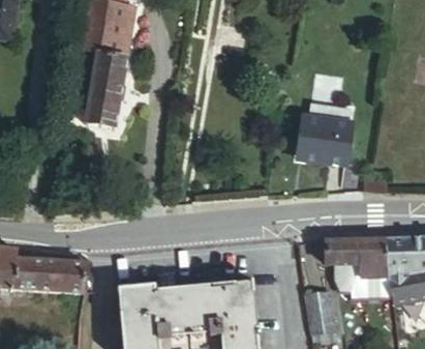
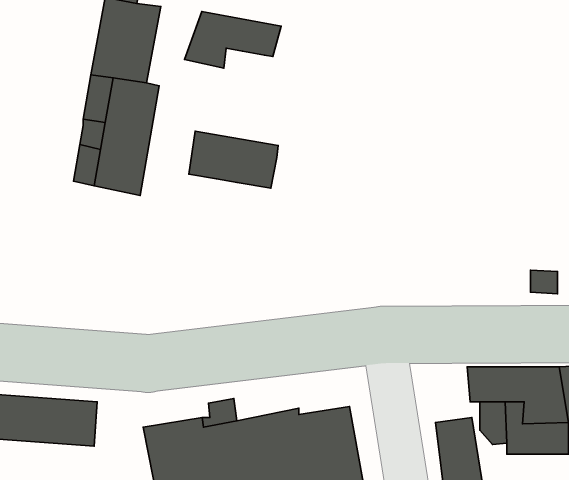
building: none -> [185,11,281,68]
building: none -> [189,131,278,188]
building: [298,118,354,167] -> none

